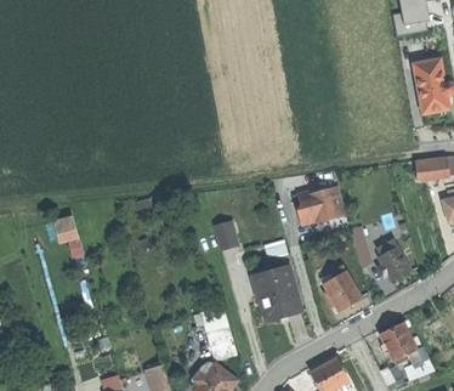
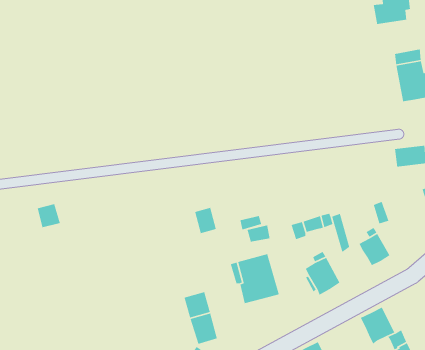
building: [295,187,347,228] -> none

